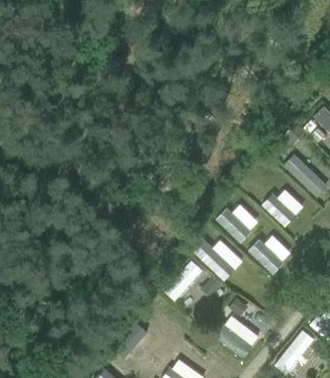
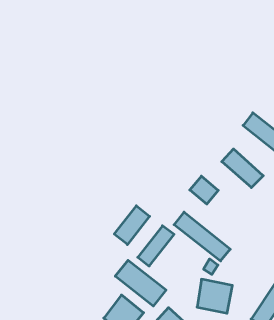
building: [249,237,285,274] -> none
building: none -> [114,206,150,245]
building: none -> [115,260,166,306]

